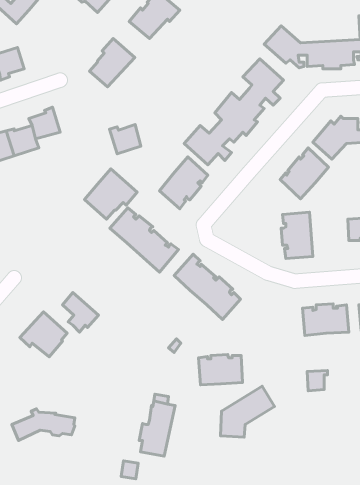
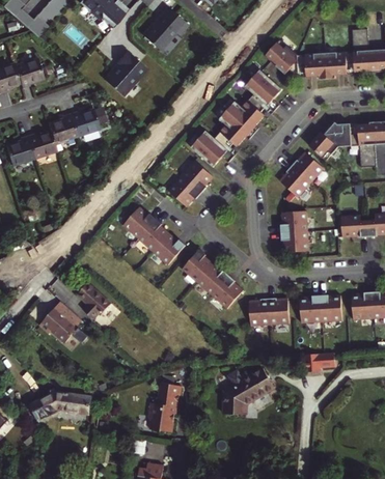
building: [109,125,141,154] -> [70,110,99,137]
building: [85,169,137,219] -> none
building: [198,354,242,385] -> [249,298,290,326]

